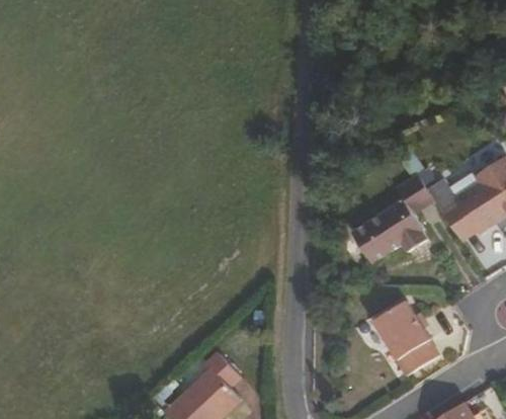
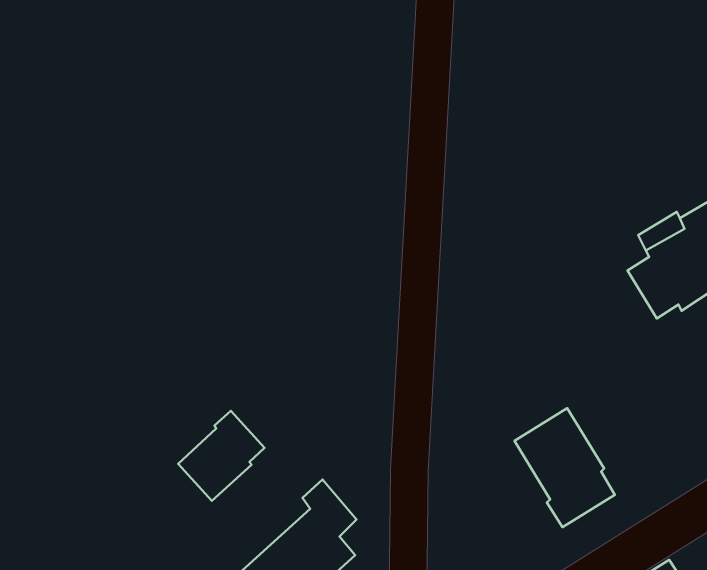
building: [349,176,433,262] -> none
building: none -> [178,411,265,501]

